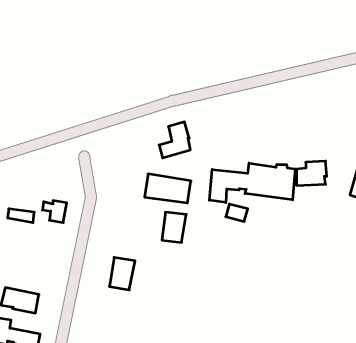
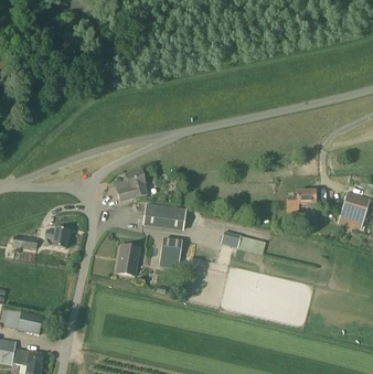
building: [159,122,190,158] -> [117,168,147,202]
building: [209,163,295,203] -> none
building: [109,257,135,290] -> [116,245,140,276]

